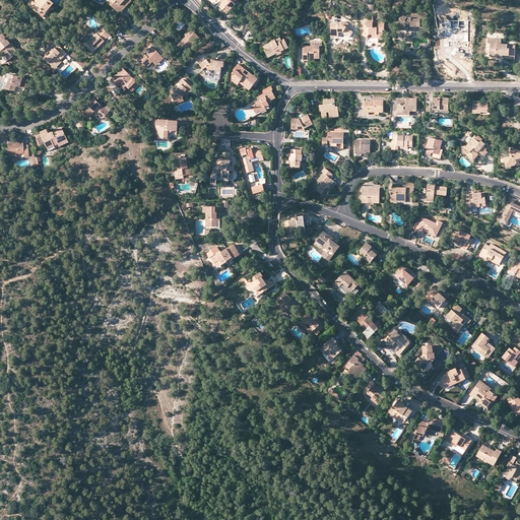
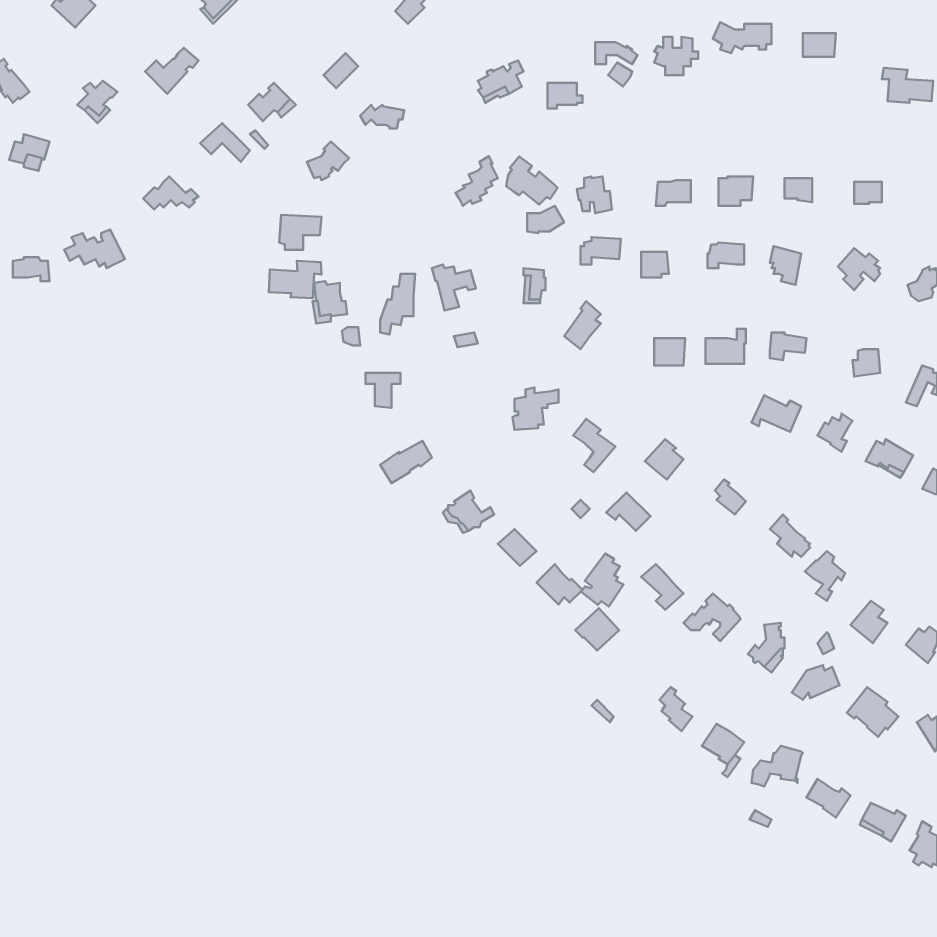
building: [231,63,259,89] -> [506,157,558,204]
building: none -> [269,261,321,298]
building: [342,350,366,380] -> [581,553,623,607]

